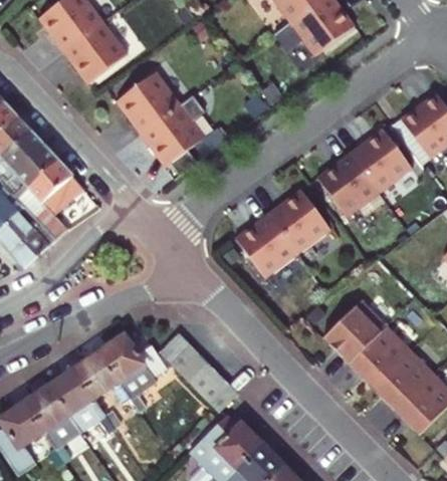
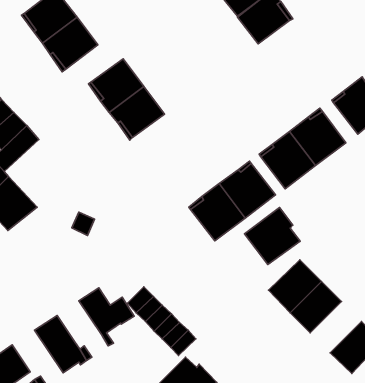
building: [18,163,84,241] -> none
building: none -> [245,207,300,265]
building: [79,349,131,397] -> none
building: [373,350,432,410] -> none
building: [27,384,86,440] -> none

